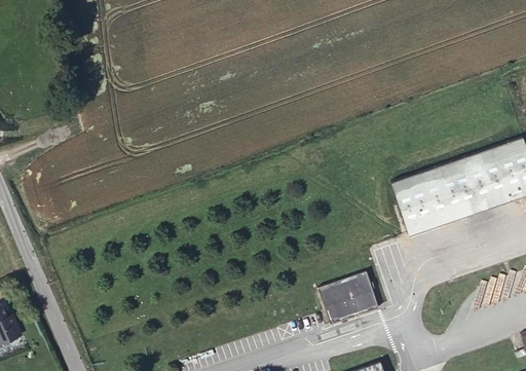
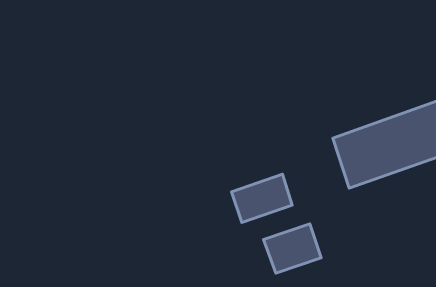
building: none -> [232,174,292,222]

